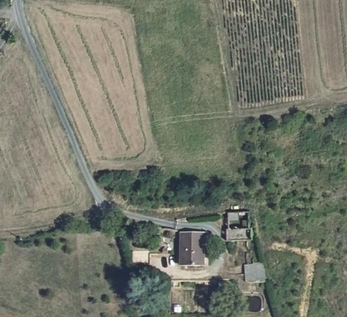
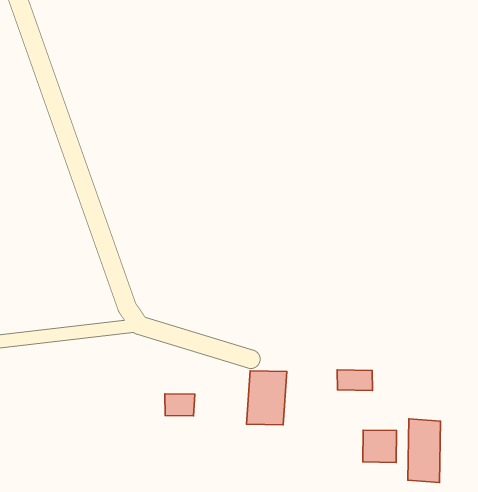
building: none -> [408,419,440,483]

